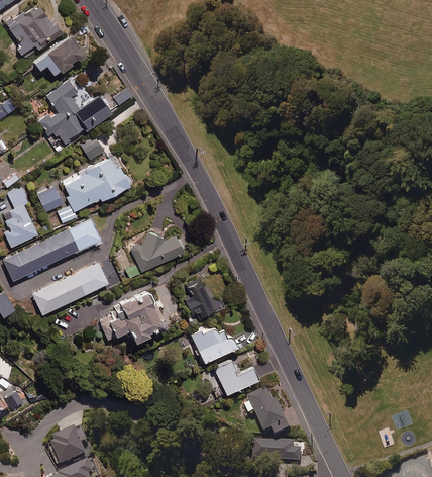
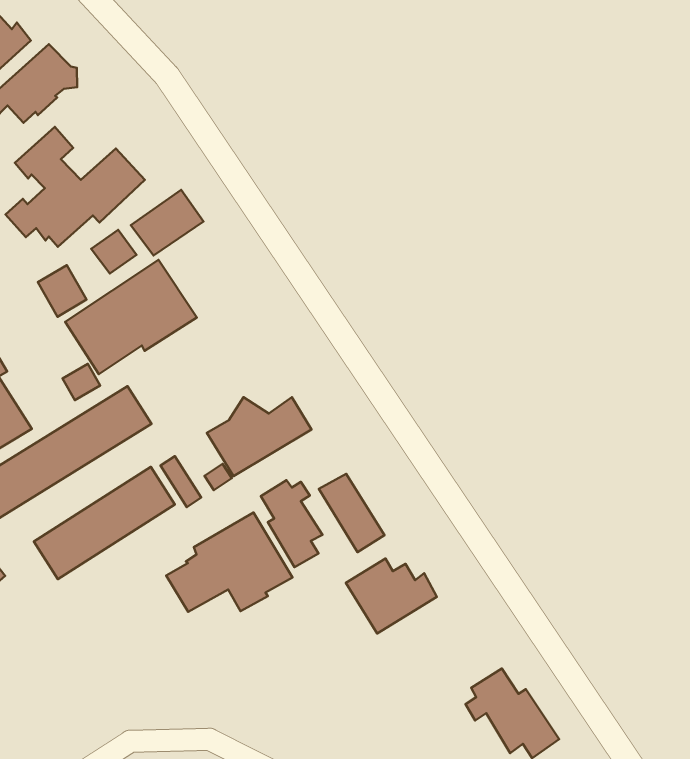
building: none -> [131,190,203,256]
building: [38,185,63,211] -> [38,265,87,317]
building: none -> [261,480,322,567]
building: [214,359,260,395] -> none

